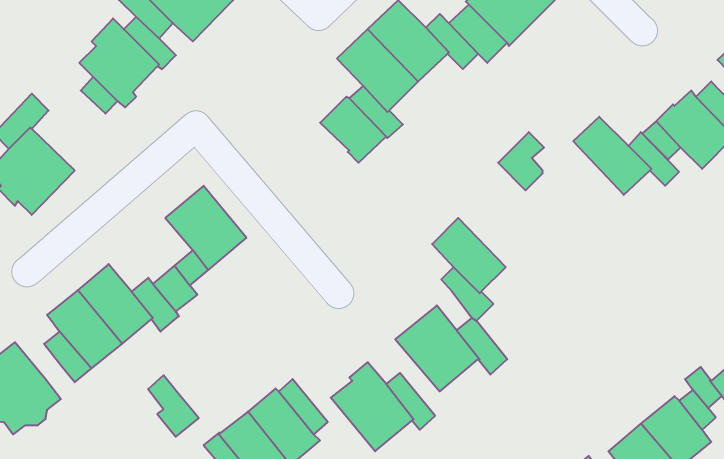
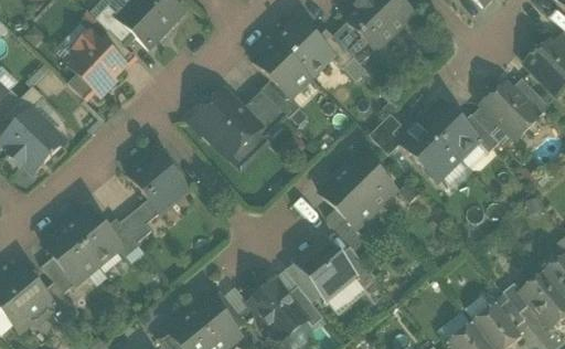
building: none -> [190,94,262,157]
building: none -> [401,119,459,177]
building: none -> [340,155,395,210]
building: [148,375,199,437] -> [43,281,79,325]

